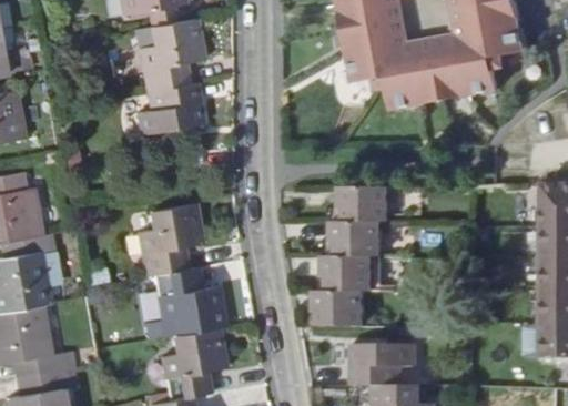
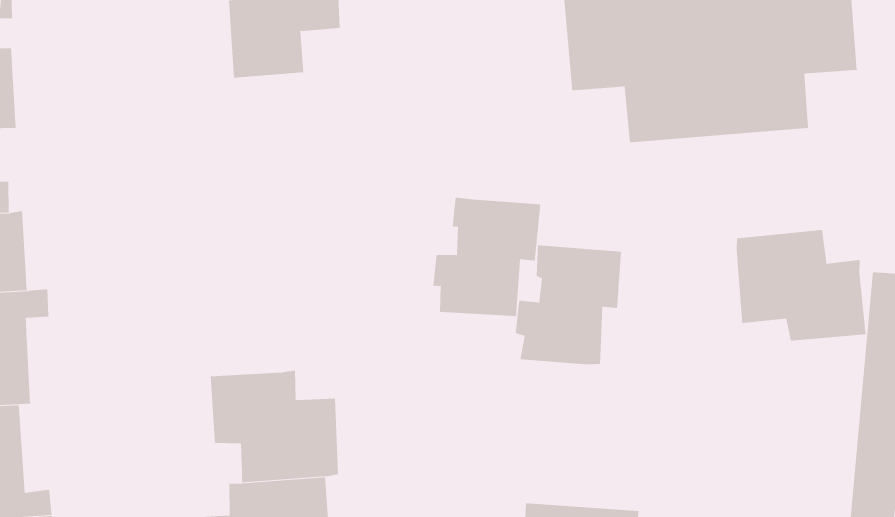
building: [131,89,200,141] -> none
building: none -> [736,229,866,342]
building: [131,202,211,280] -> none
building: [314,247,374,318] -> [433,197,541,317]

